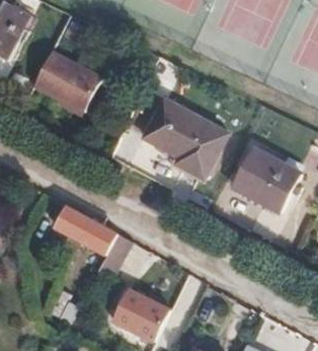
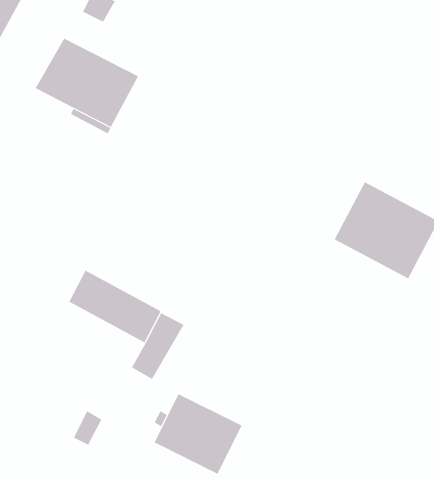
building: [141,97,231,183] -> none

